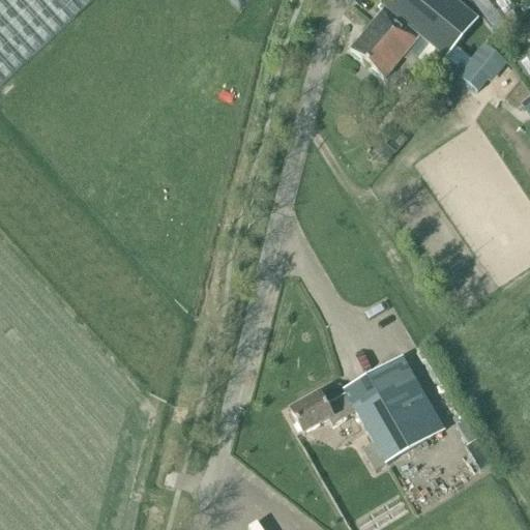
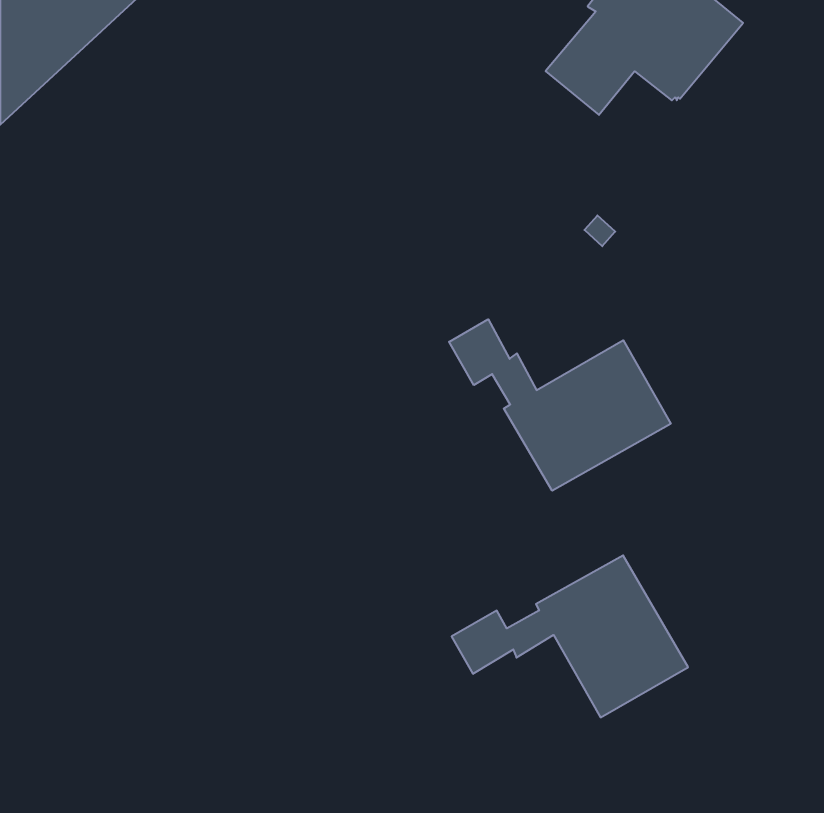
building: [458,38,503,86] -> none
building: none -> [449,319,671,491]

